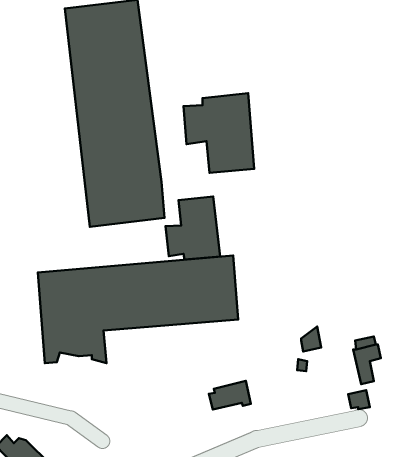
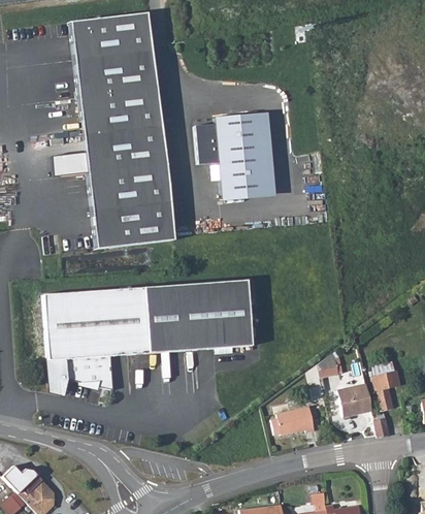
building: [165,196,220,259] -> none
building: none -> [336,383,372,416]
building: [209,381,251,410] -> [271,406,315,436]

